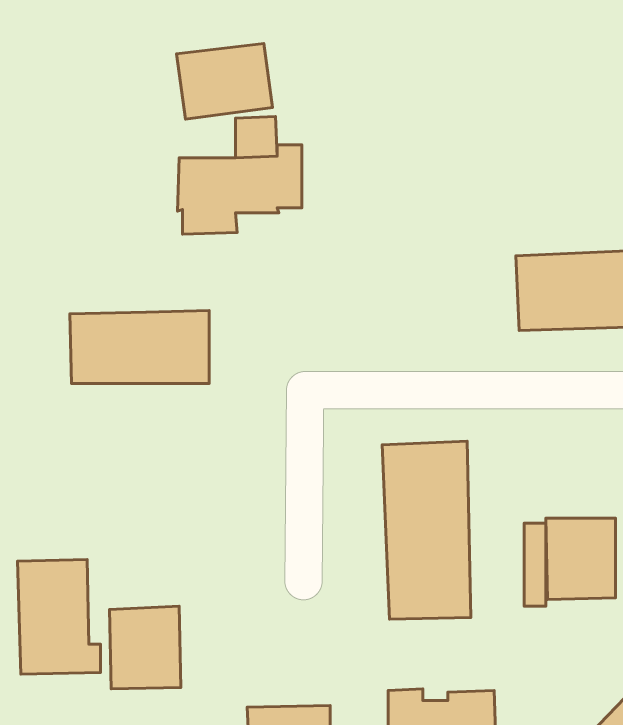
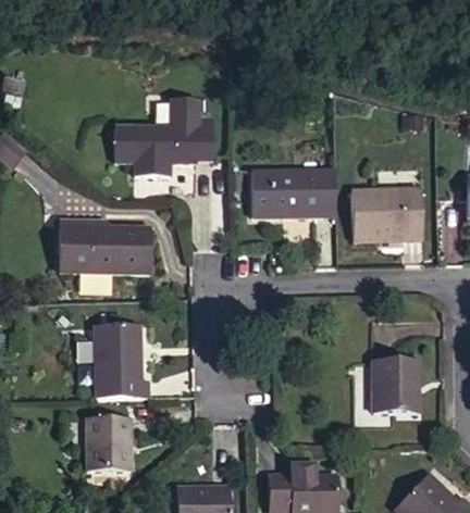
building: [177,44,273,119] -> none
building: none -> [252,168,337,215]
building: [382,441,471,619] -> none
building: [17,560,100,674] -> [94,324,148,399]

